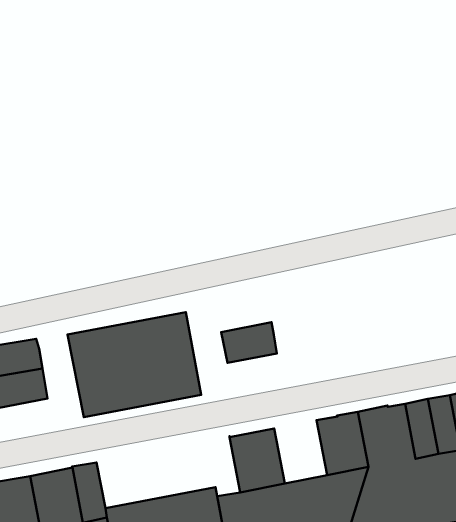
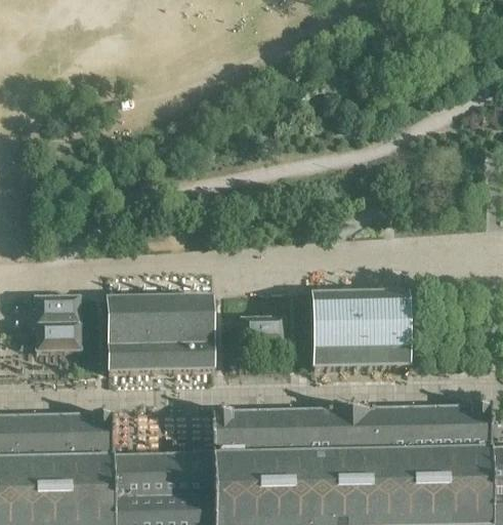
building: none -> [313,293,409,369]
building: none -> [271,410,310,460]
building: none -> [211,411,233,461]

